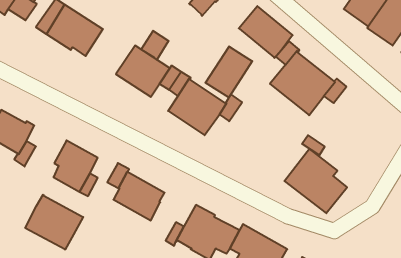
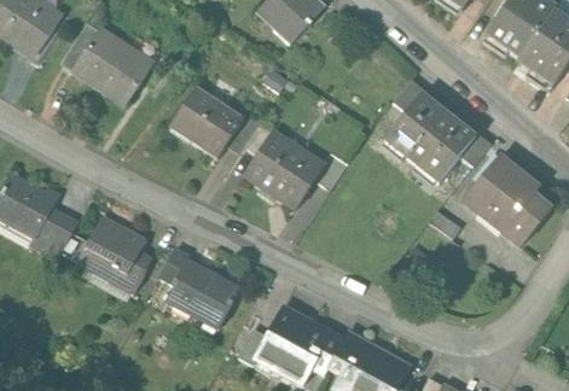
building: [239,6,293,58] -> none
building: [141,31,169,60] -> none
building: [205,46,252,97] -> none
building: [284,149,347,213] -> [463,154,550,244]
building: [25,195,83,250] -> none

